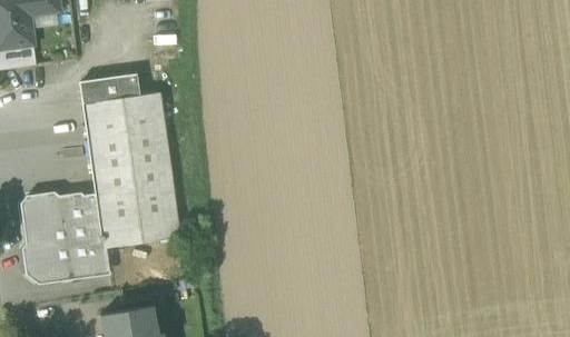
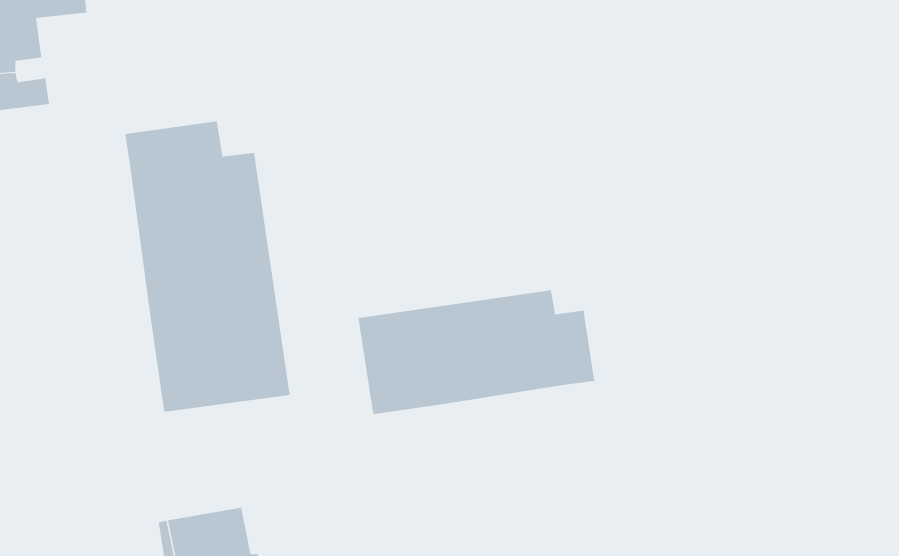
building: none -> [358,289,595,415]
building: [24,194,109,279] -> none

